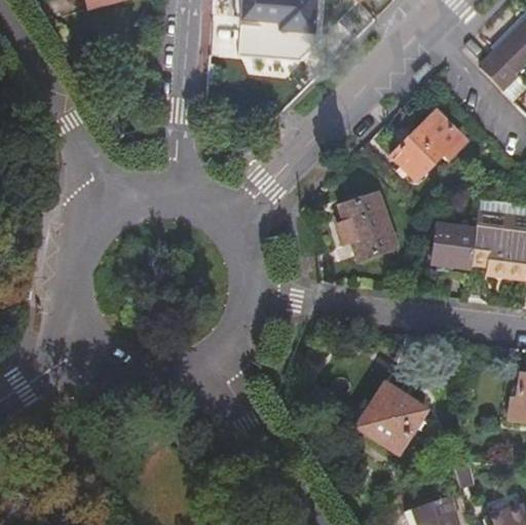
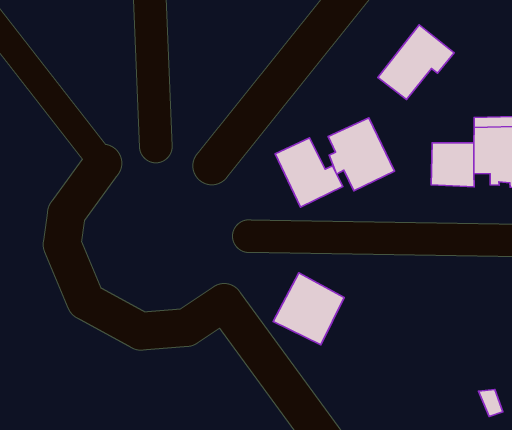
building: none -> [275,138,343,207]
building: [355,384,424,454] -> [273,273,344,345]

